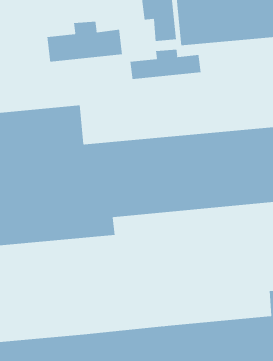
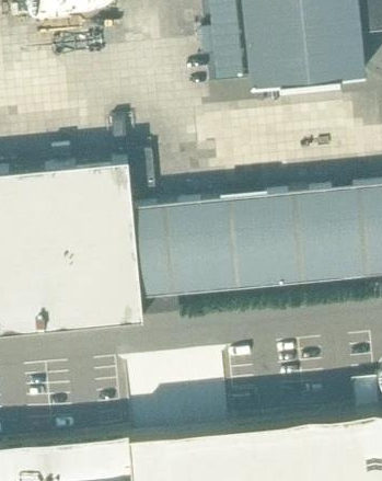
building: [47,21,122,62] -> none
building: [130,49,201,80] -> none

